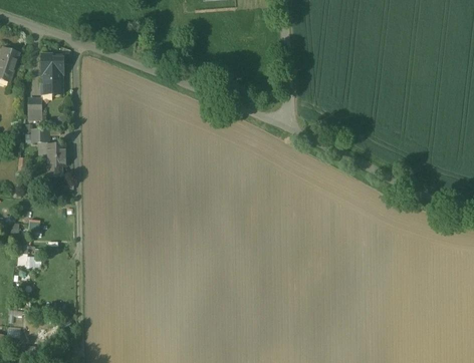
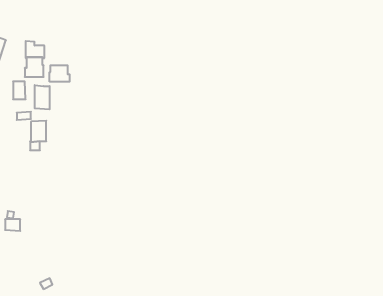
building: none -> [50,65,70,82]
building: none -> [35,85,50,109]

